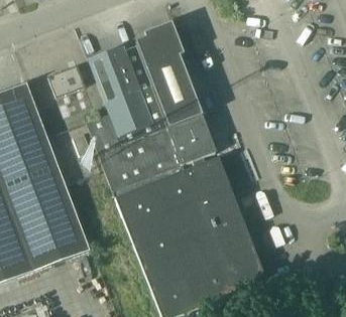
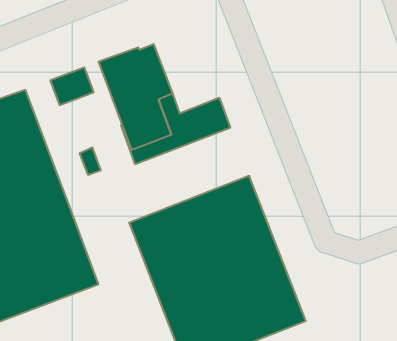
building: [137,20,192,102] -> none
building: [86,112,216,189] -> none

